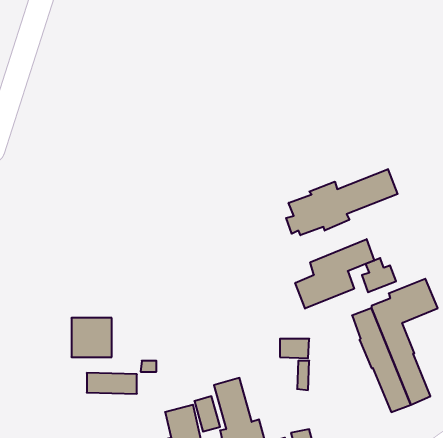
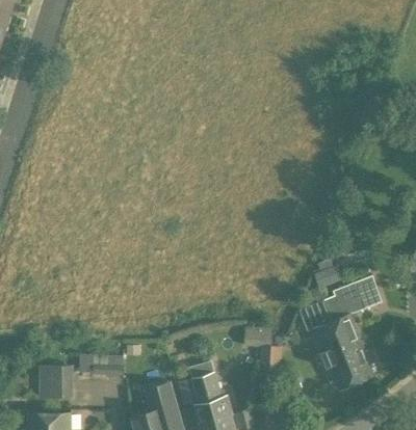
building: [286,169,398,235] -> none
building: [295,239,374,309] -> none
building: [71,318,112,357] -> [41,366,75,399]

